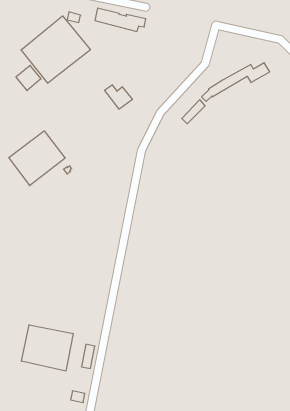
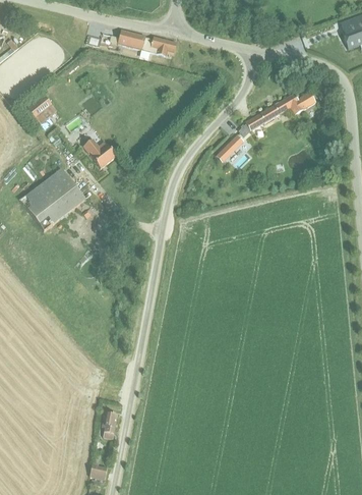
building: [21,16,90,83] -> none
building: [105,85,132,109] -> [84,140,116,167]
building: [21,325,73,371] -> none

